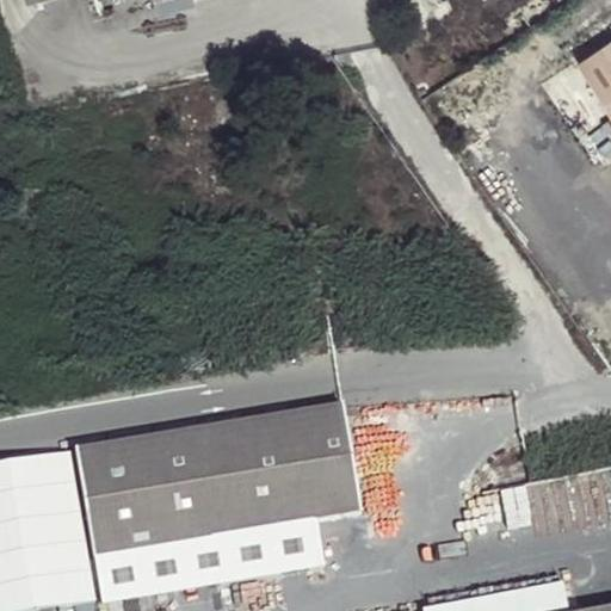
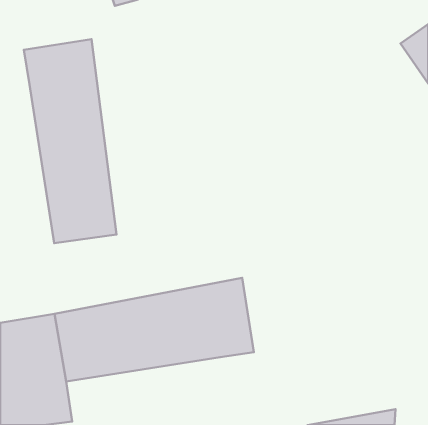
building: none -> [24,39,116,243]
building: [94,510,322,601] -> none

